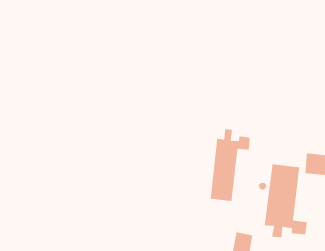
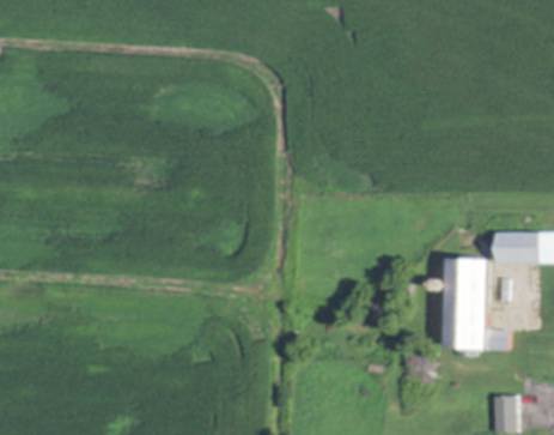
building: [210,128,251,202] -> none

